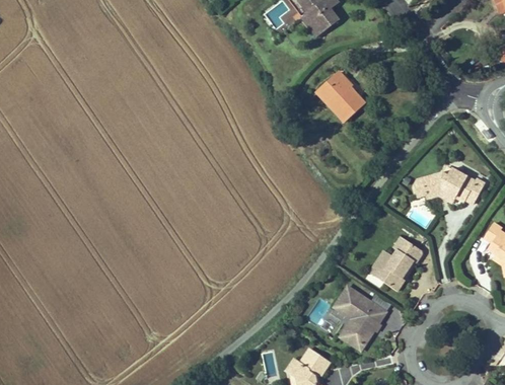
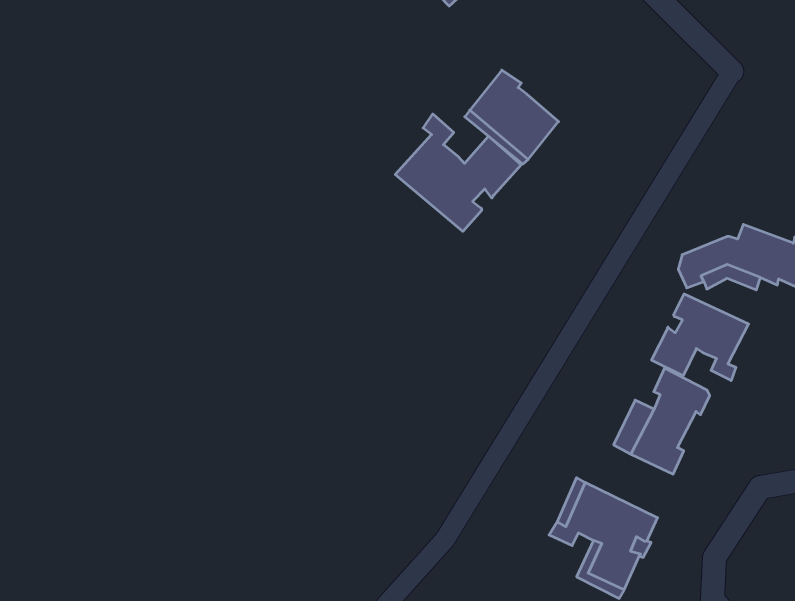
building: none -> [395,114,521,231]
building: none -> [652,294,749,381]

